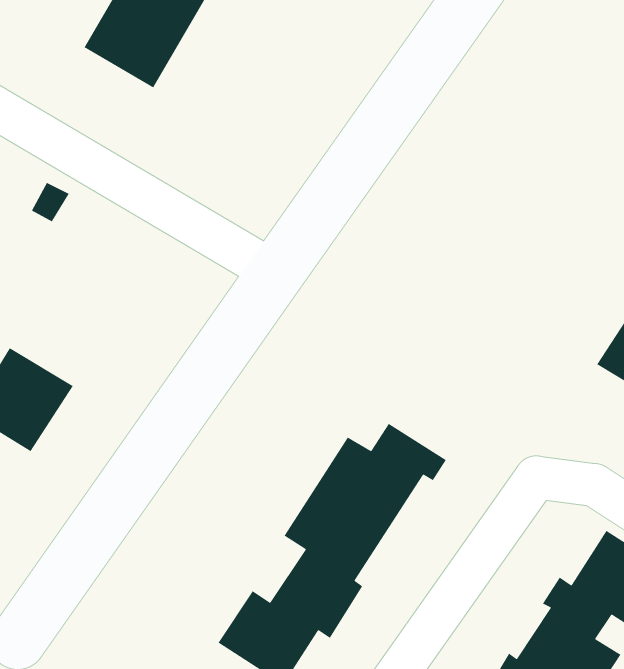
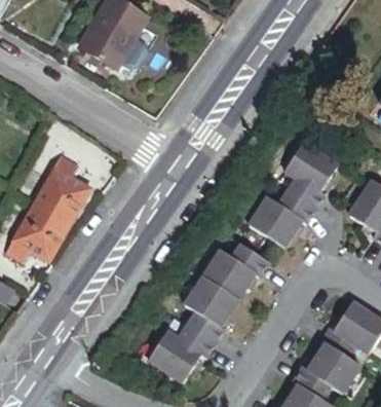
building: none -> [249,140,341,248]
building: none -> [38,158,93,225]

